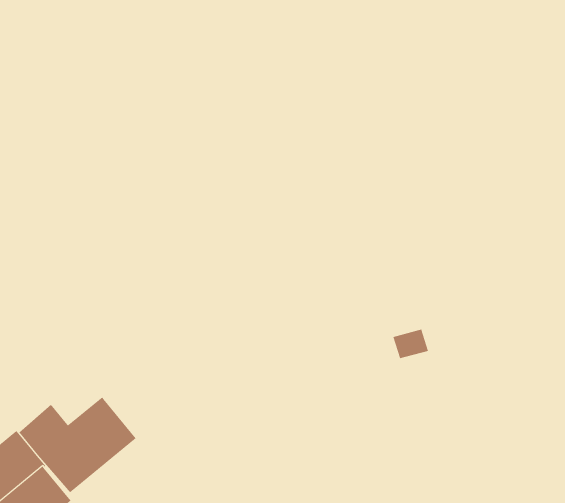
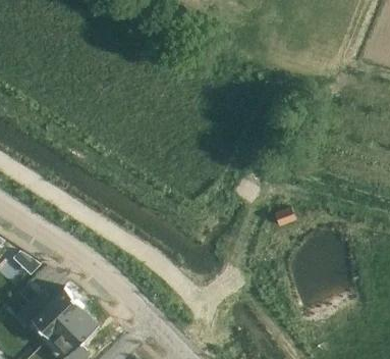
building: [19,397,136,493] -> none

